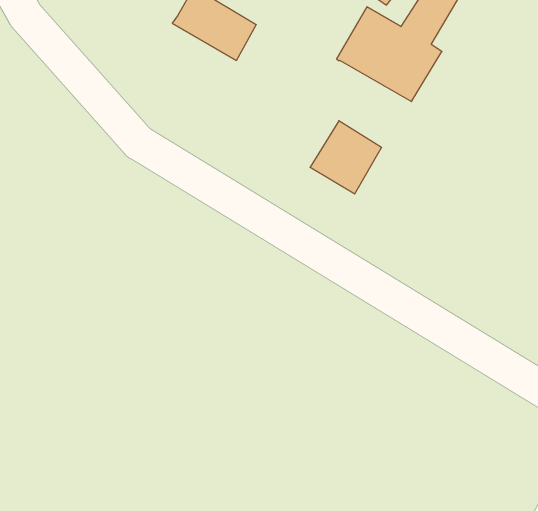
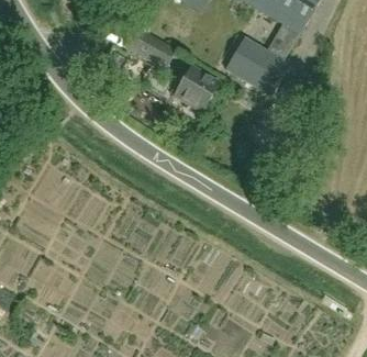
building: [310,121,382,194] -> [174,66,218,111]

